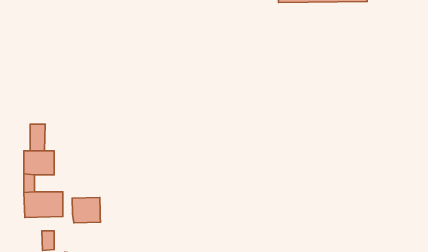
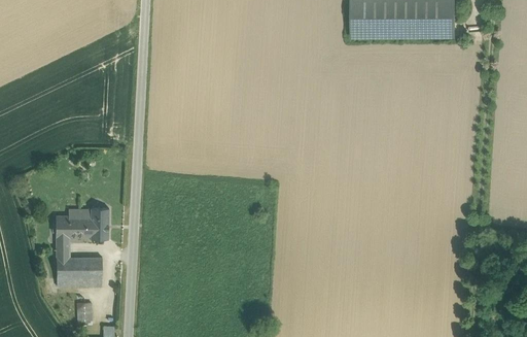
building: [30,124,45,151] -> [91,208,108,239]
building: [72,198,100,223] -> none

